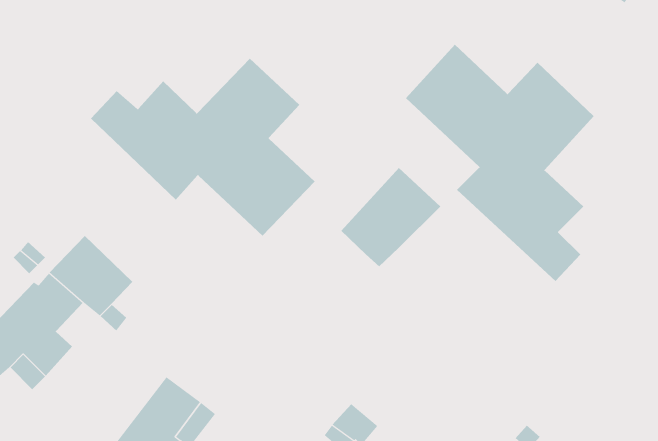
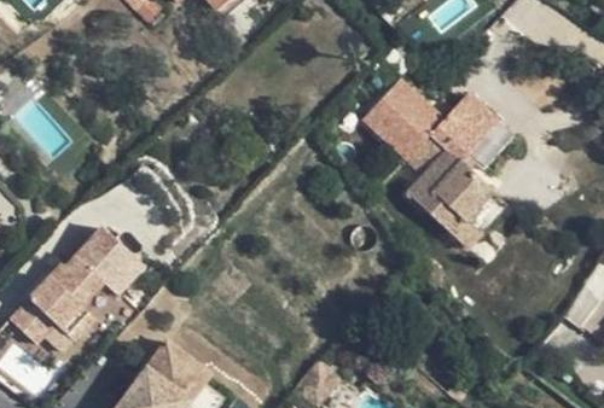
building: [90,58,316,237] -> none
building: [340,167,441,267] -> none

